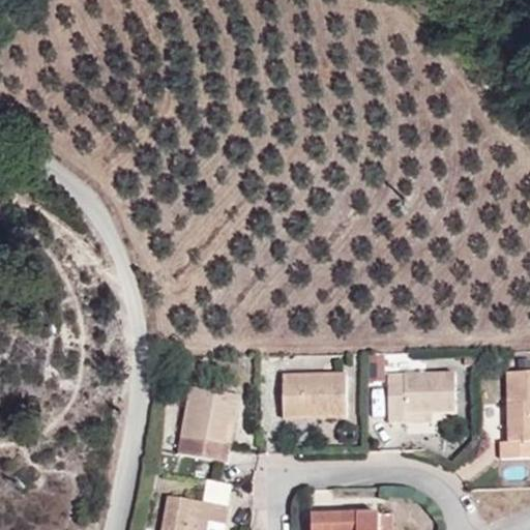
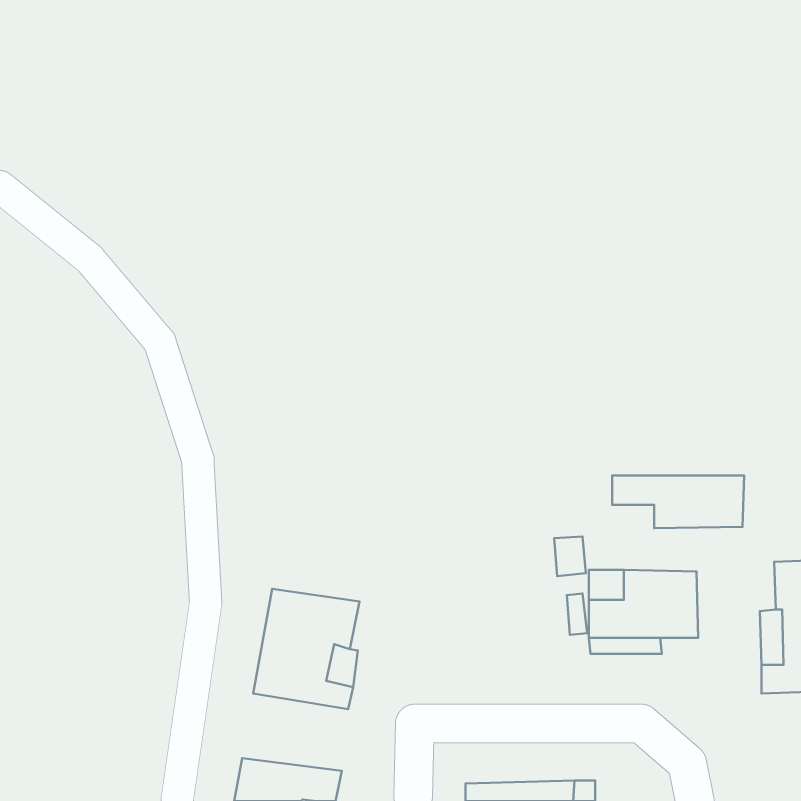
building: none -> [612,475,744,528]
building: [281,373,346,417] -> none

